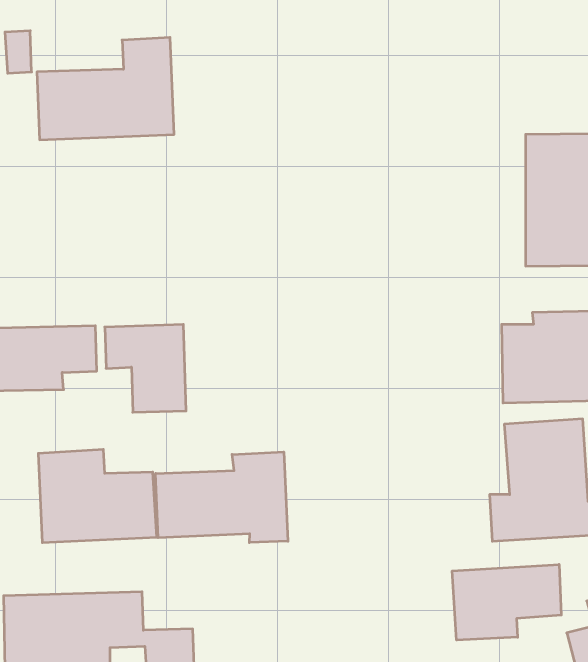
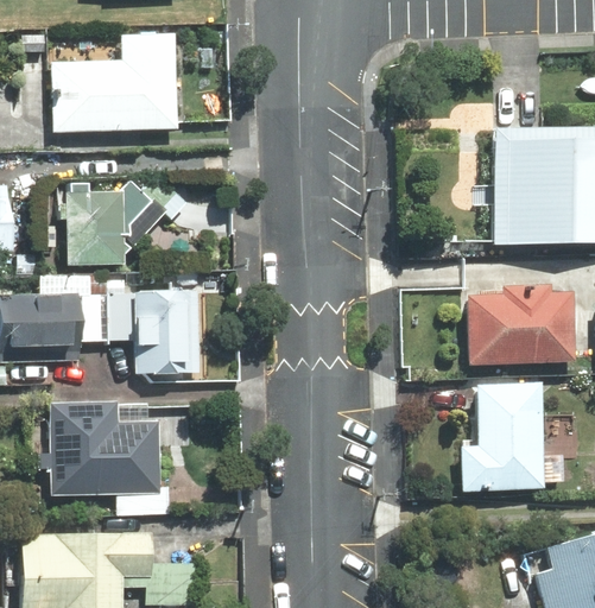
building: none -> [71,178,184,264]
building: [156,452,288,543] -> none
building: [452,564,561,640] -> none

